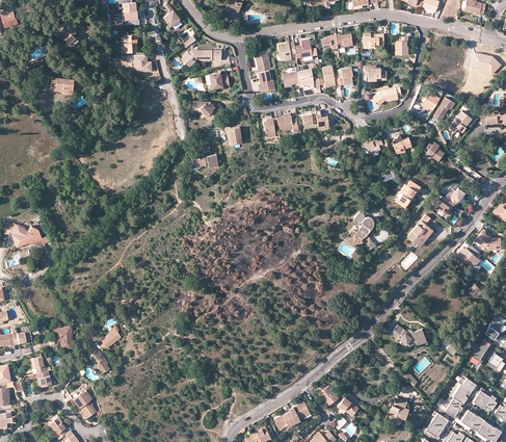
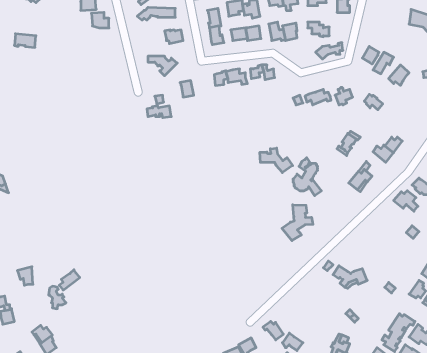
building: none -> [260,148,293,173]
building: none -> [282,205,313,241]

